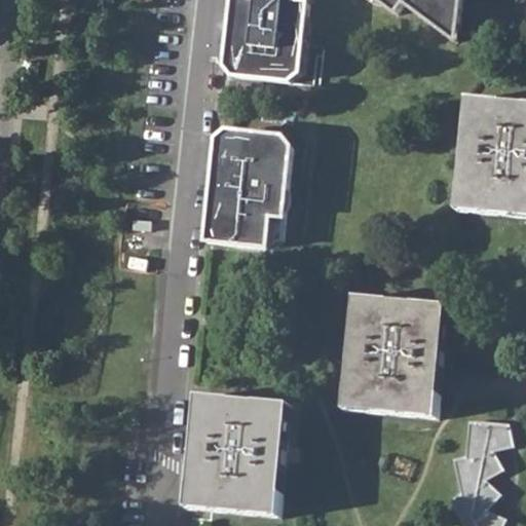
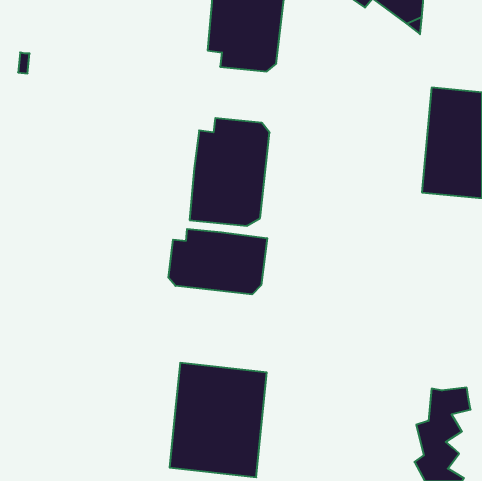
building: none -> [169,229,267,294]
building: [340,293,444,417] -> none

